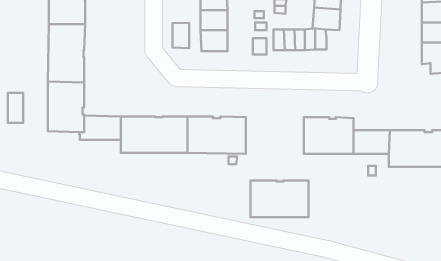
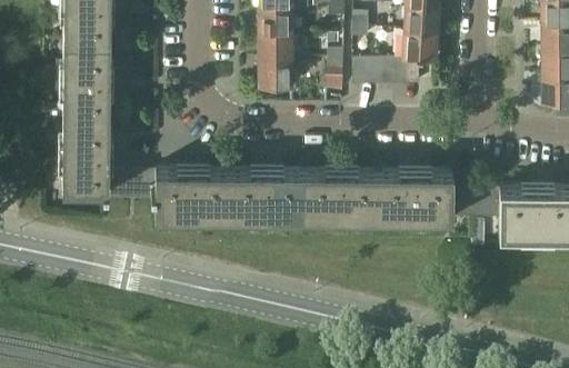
building: [172,23,189,48] -> none
building: [8,93,23,123] -> none
building: [250,181,309,217] -> [317,171,391,218]

